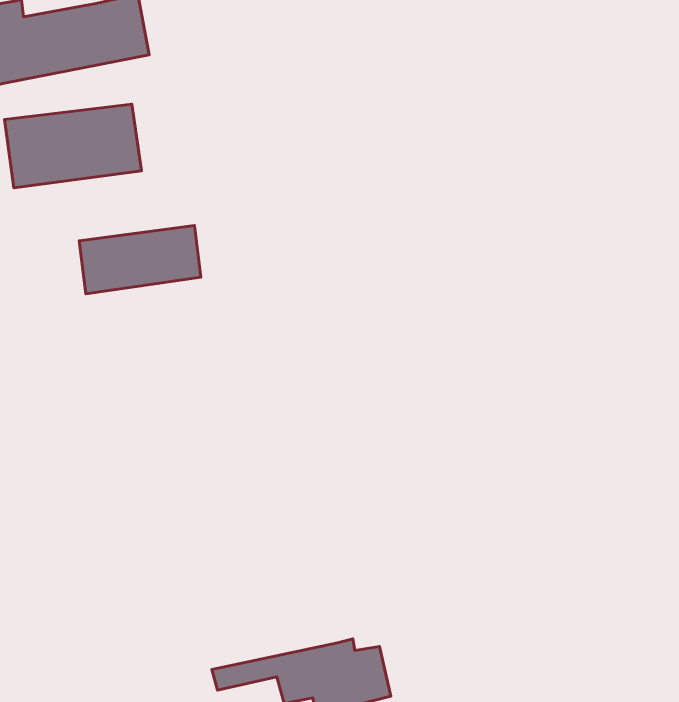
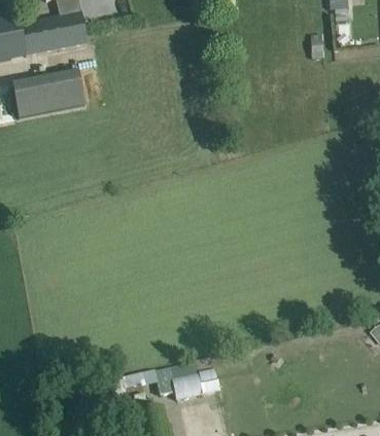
building: [79,225,201,294] -> none

